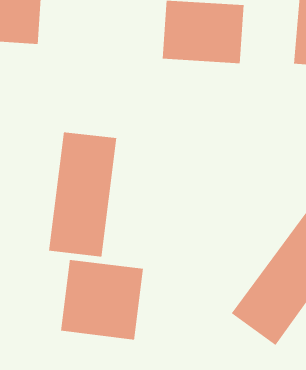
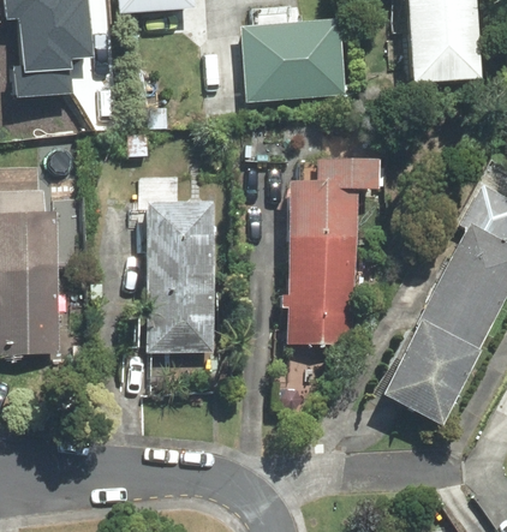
building: none -> [286,161,366,342]
building: [61,259,144,340] -> none

